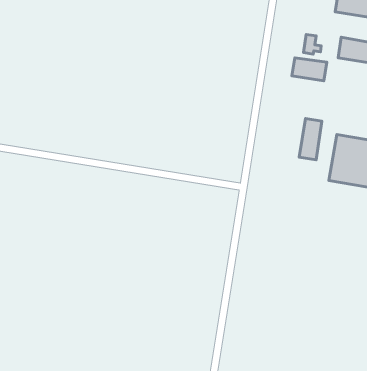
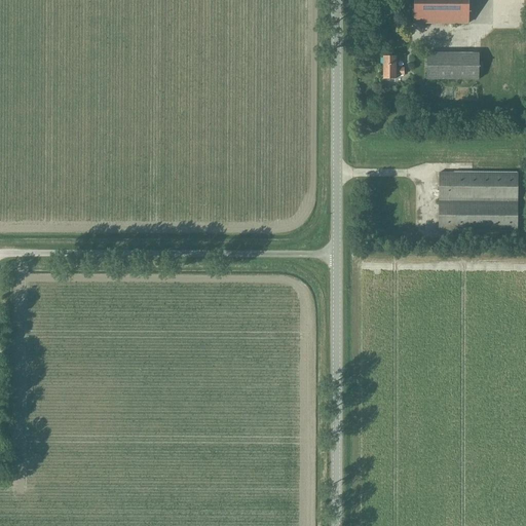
building: [292,58,327,81] -> none
building: [299,118,322,160] -> none

